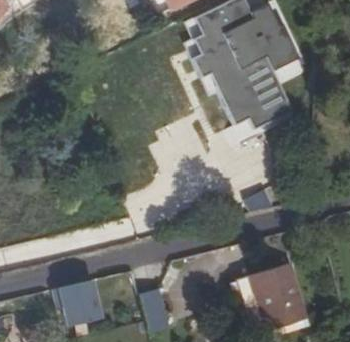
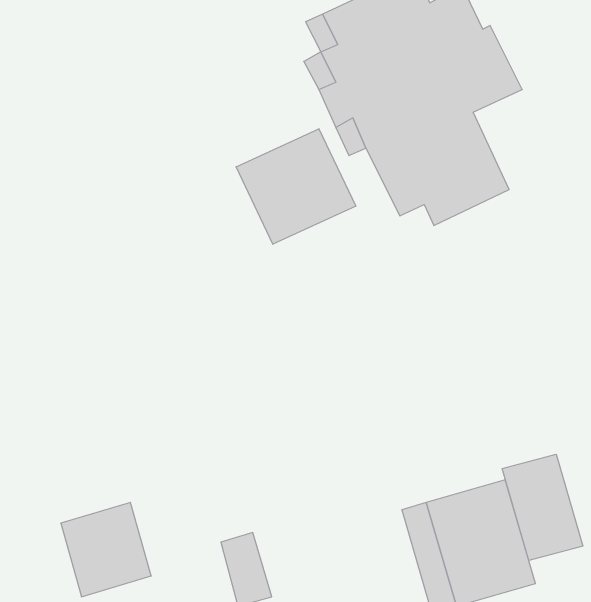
building: none -> [236,129,356,244]
building: none -> [502,454,583,561]

